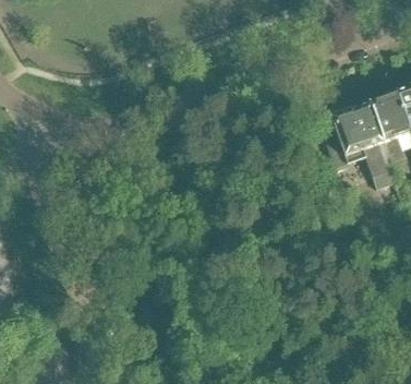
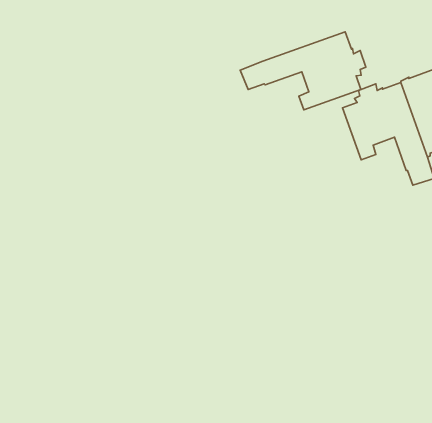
building: none -> [240,32,366,110]

